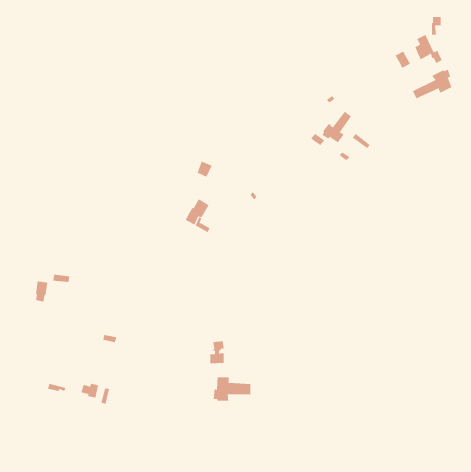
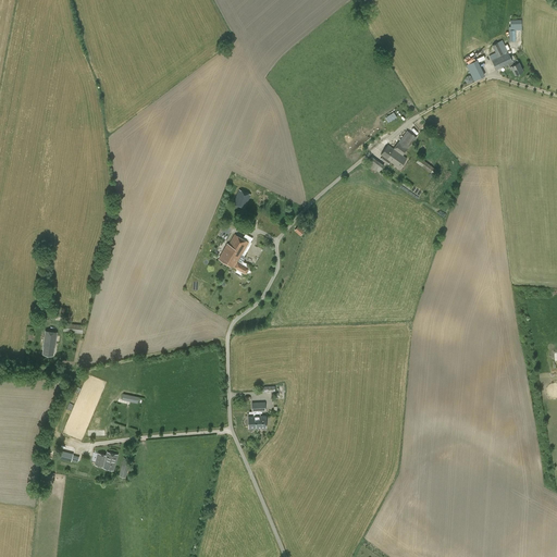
building: [412,69,452,99] -> none
building: [213,376,251,402] -> none

